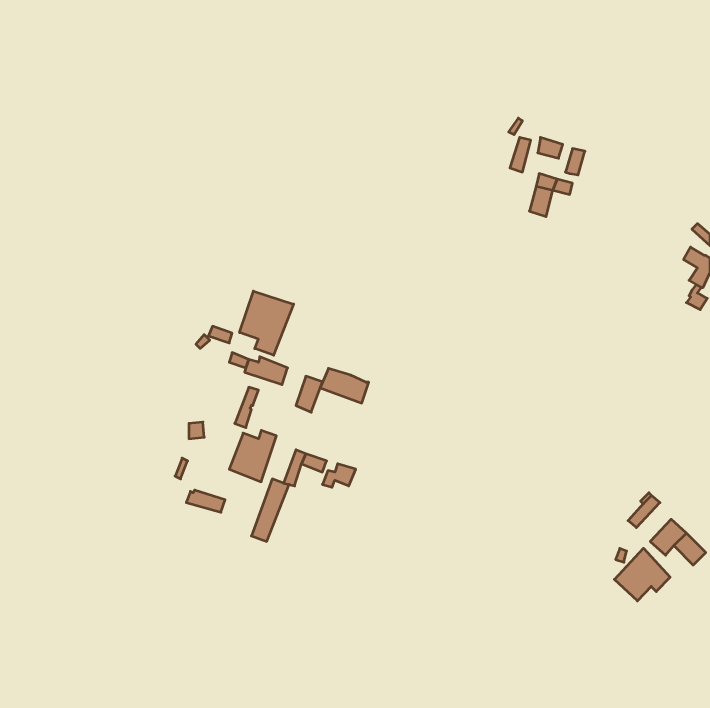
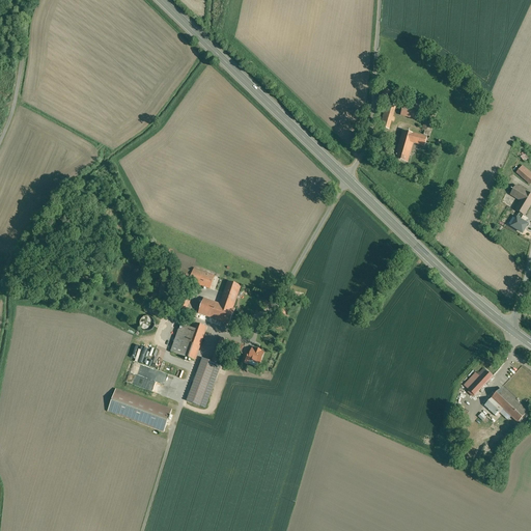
building: [240,291,294,355] -> none
building: [320,368,369,403] -> [198,298,234,324]
building: none -> [110,389,172,431]
building: [614,548,670,601] -> none

